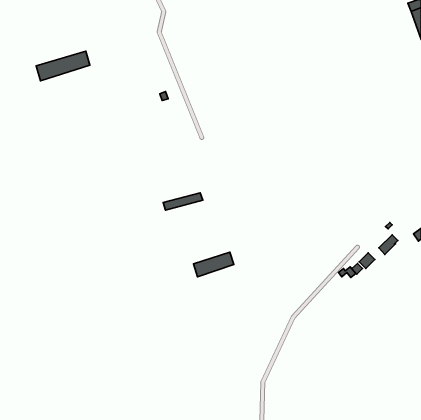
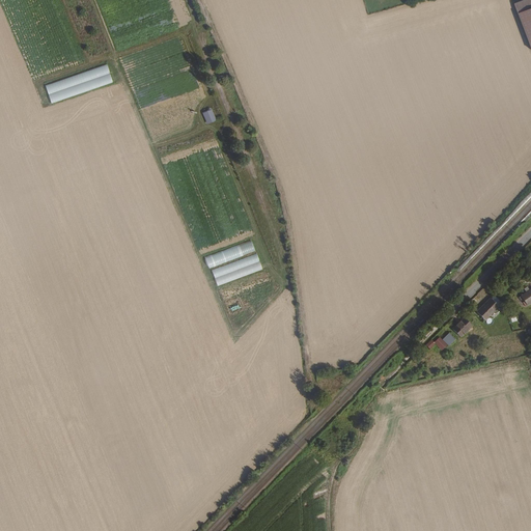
building: [193,252,234,277] -> [212,253,262,284]

